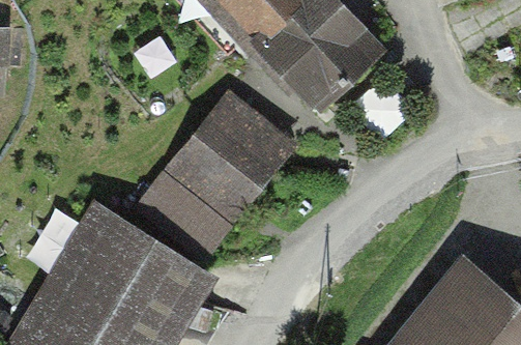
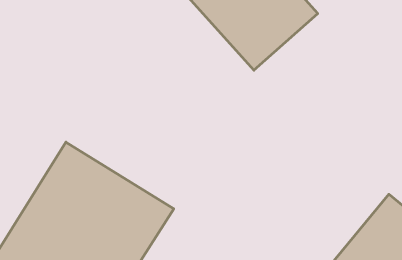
building: [155,92,297,236] -> none

